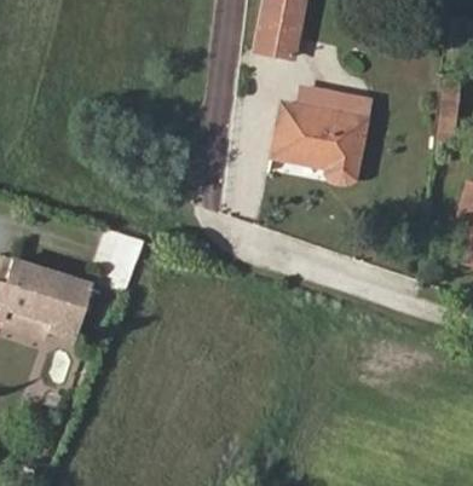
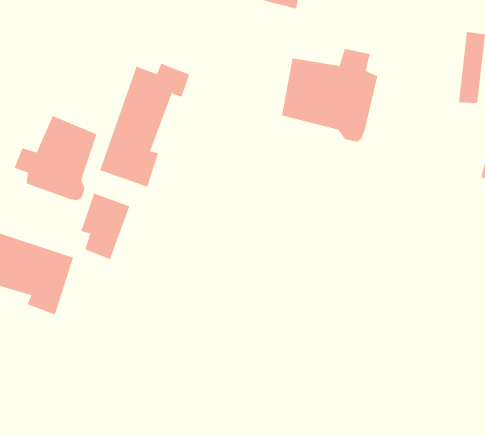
building: none -> [100,63,190,188]
building: none -> [14,115,97,201]

